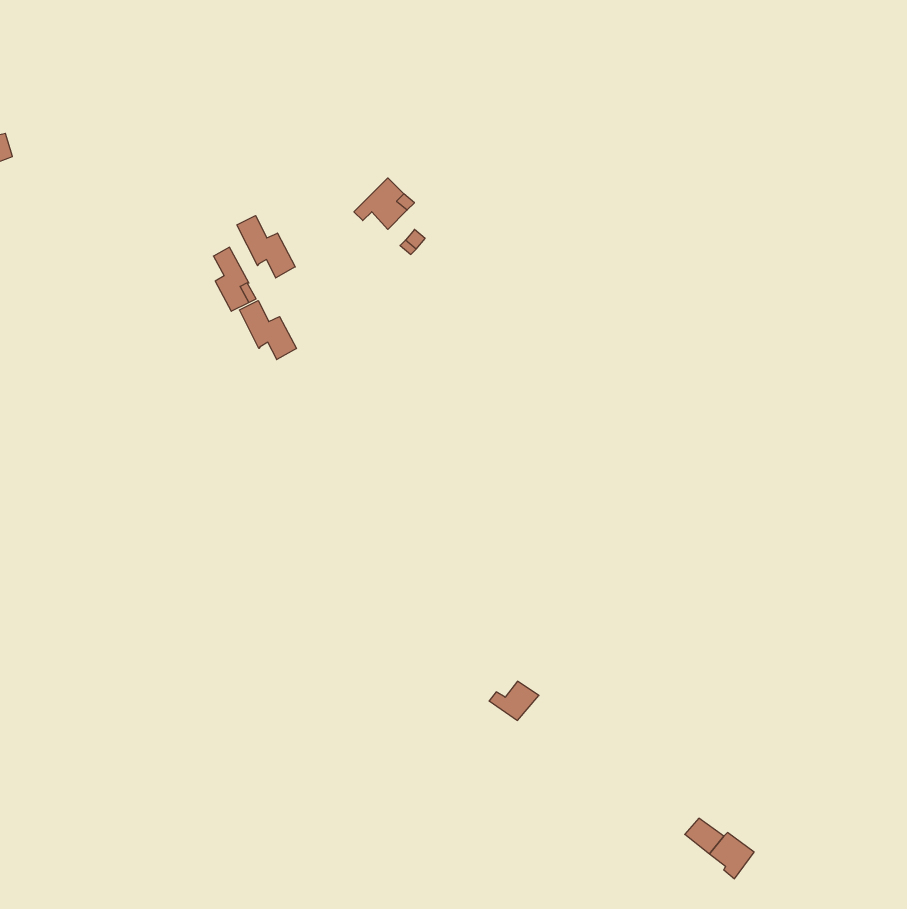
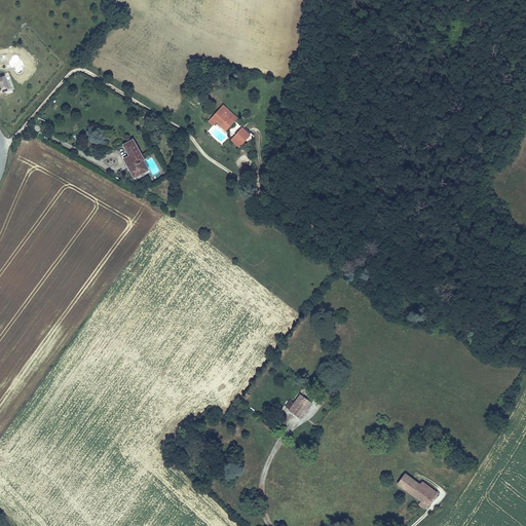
building: [237,216,295,278] -> none
building: [239,301,296,360] -> none

